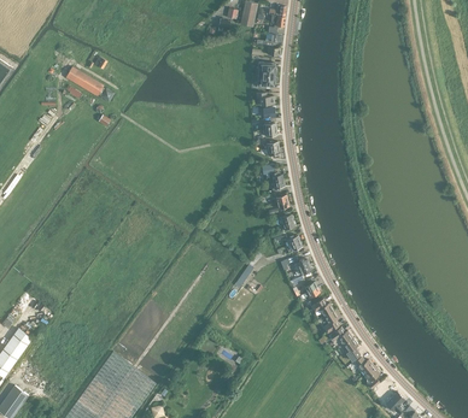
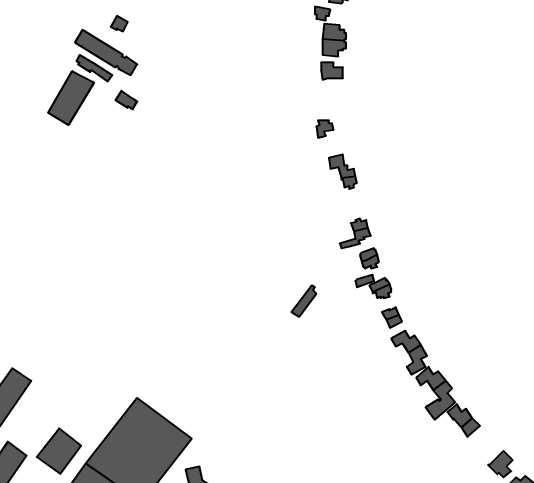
building: none -> [48,71,94,125]
building: none -> [37,428,81,474]

